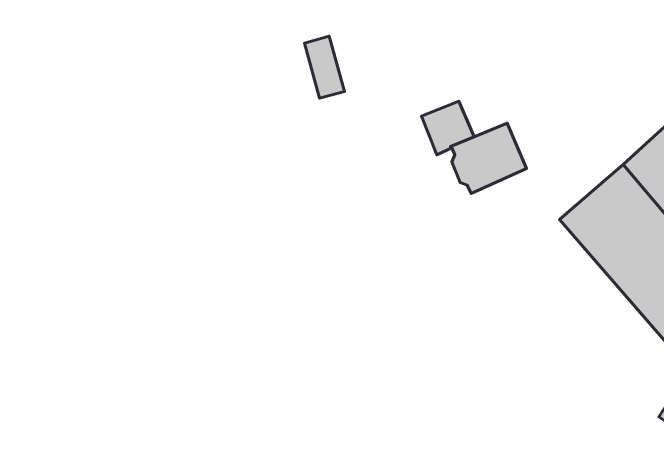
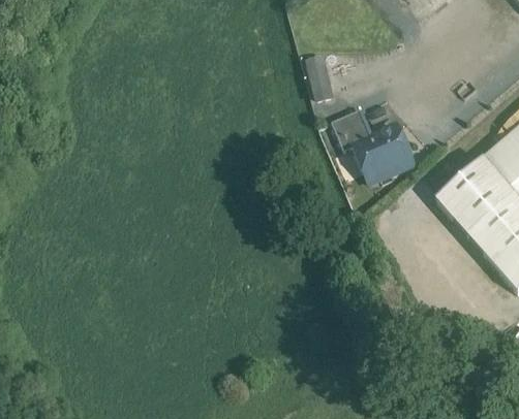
building: [304,36,344,98] -> [306,51,336,97]

